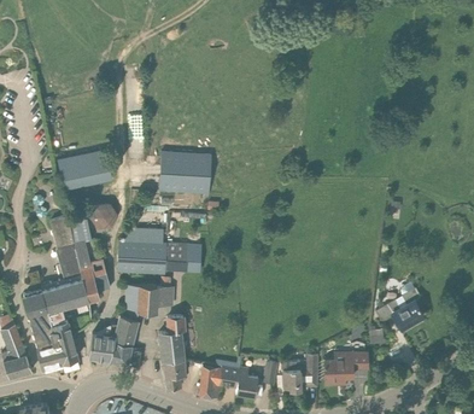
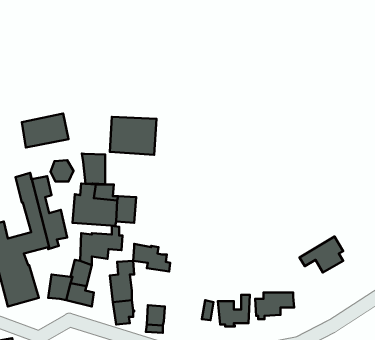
building: none -> [82,154,105,184]
building: [220,366,262,397] -> [133,244,170,271]

